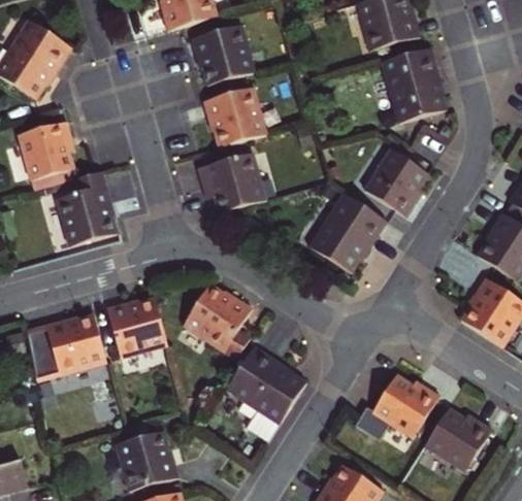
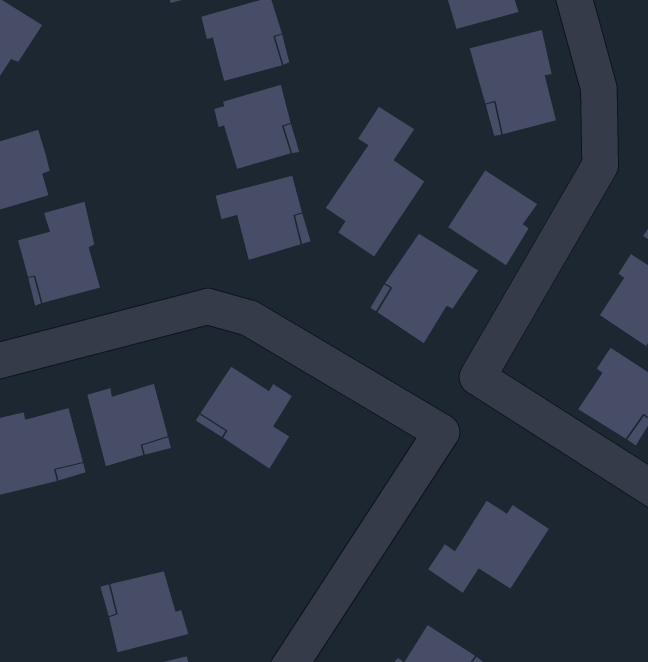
building: none -> [325,106,425,257]
building: [224,349,303,445] -> none
building: [422,416,489,480] -> none

